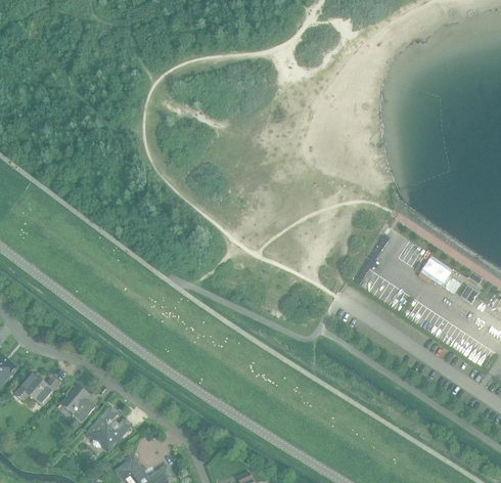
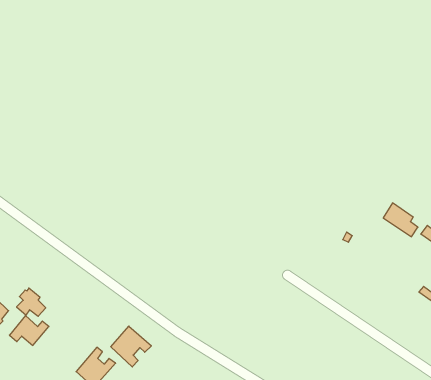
building: none -> [111,326,151,367]
building: [62,385,94,415] -> [17,288,46,316]

